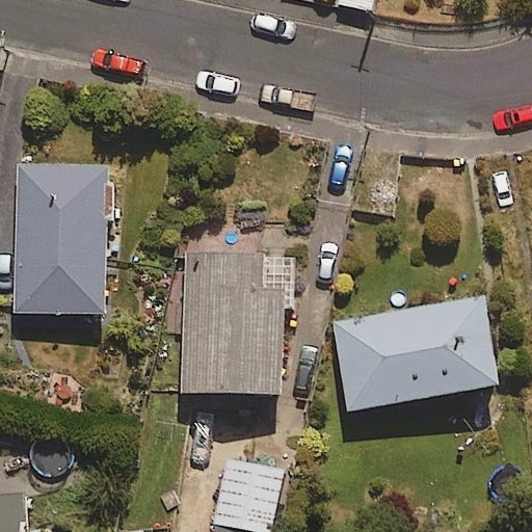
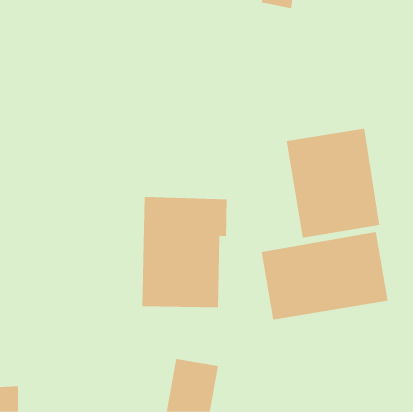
building: [14,163,113,313] -> none
building: none -> [286,128,380,238]

